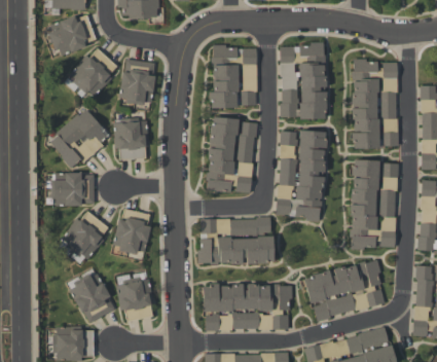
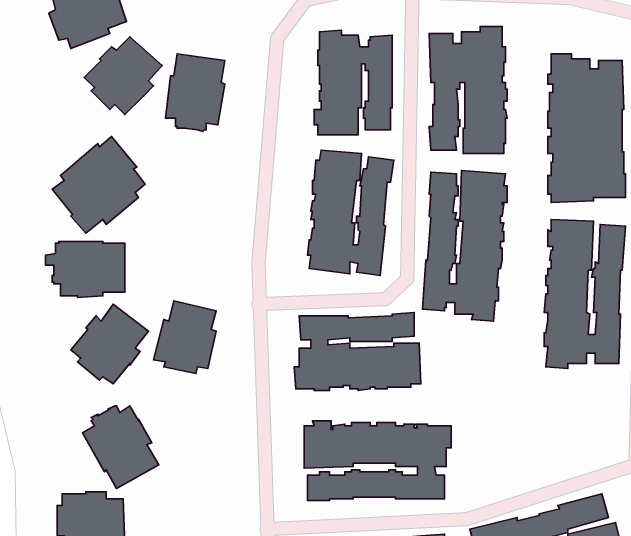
building: [113,118,149,161] -> none
building: [304,260,385,322] -> none
building: [117,277,155,322] -> none

